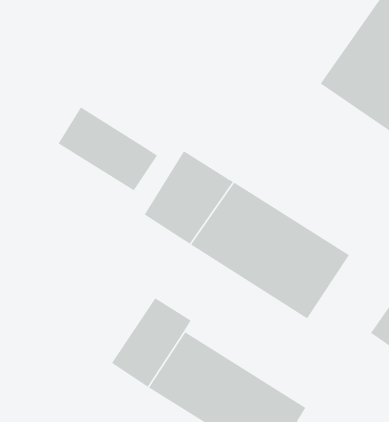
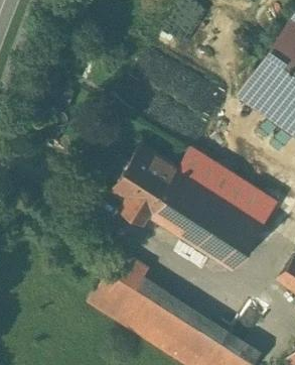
building: [58,107,158,191] -> none
building: none -> [179,149,278,224]

